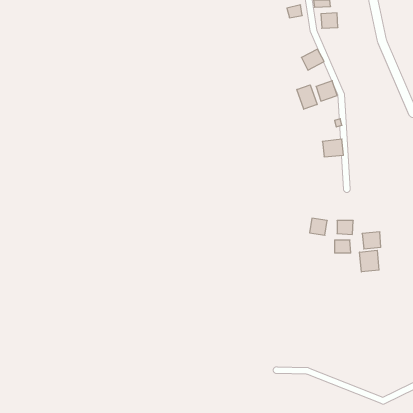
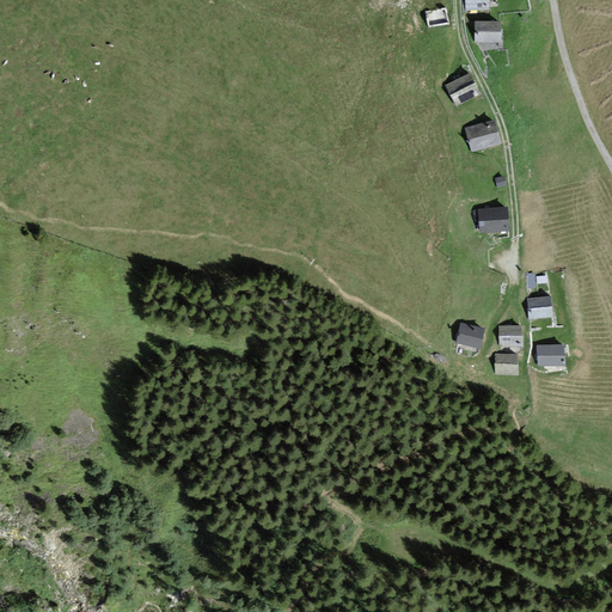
building: [297,85,317,109] -> none
building: none -> [527,298,553,319]
building: [360,250,379,272] -> none

